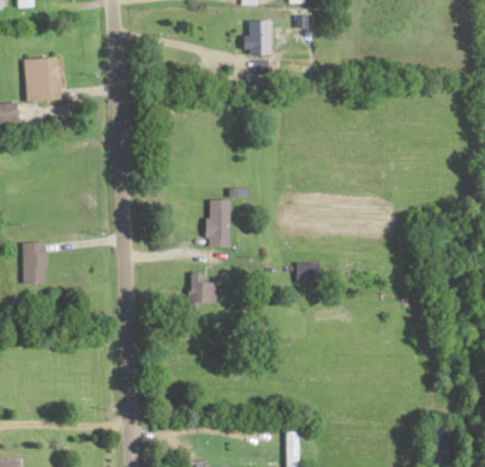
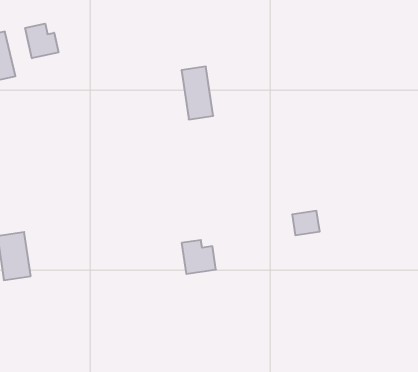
building: none -> [25,24,58,58]
building: [206,200,229,246] -> [181,67,213,119]

